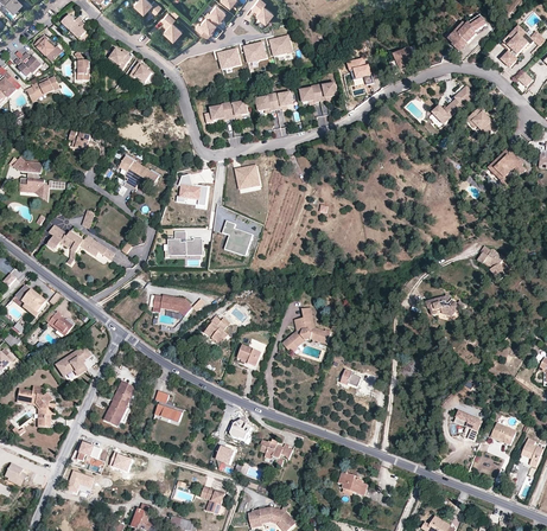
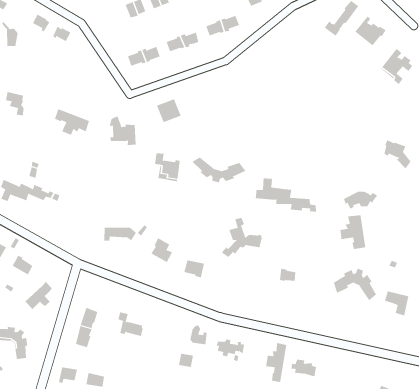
building: [168,231,202,255] -> none
building: none -> [192,156,246,183]
building: none -> [255,178,317,212]
building: none -> [340,215,366,250]
building: none -> [333,268,377,301]
building: none -> [266,342,287,383]

